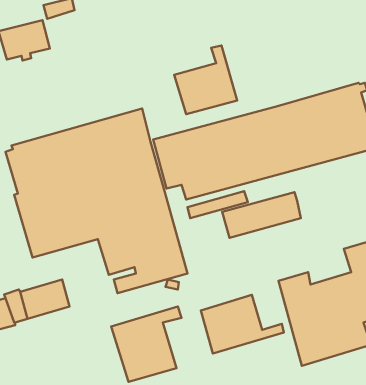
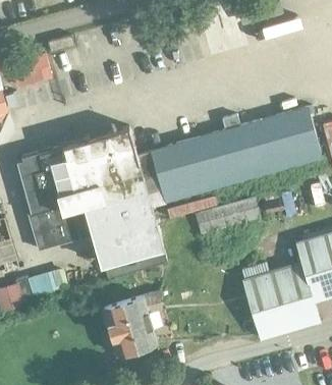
building: [174,45,237,114] -> none
building: [201,295,284,354] -> none

